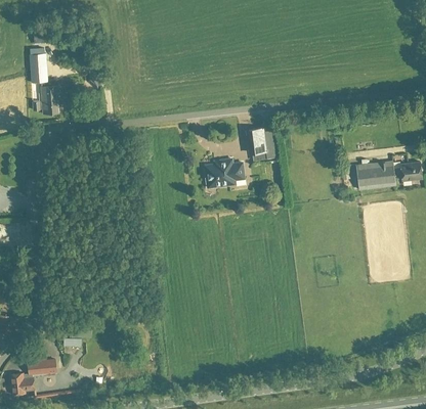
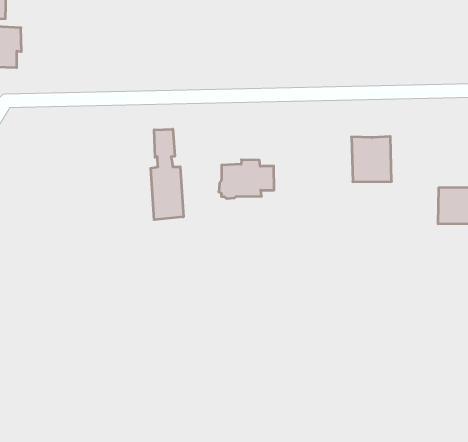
building: [248,126,279,160] -> [351,136,392,182]
building: none -> [151,129,183,220]

